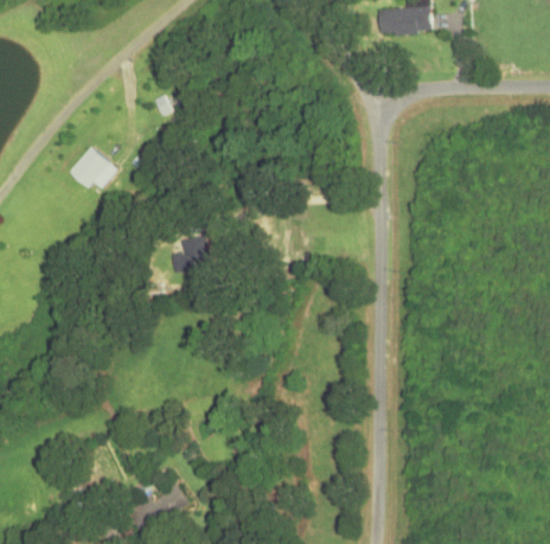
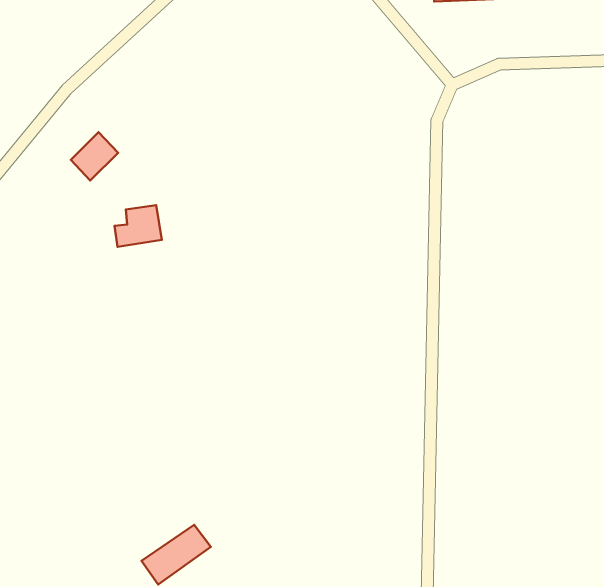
building: [172,236,212,271] -> [115,205,162,247]

